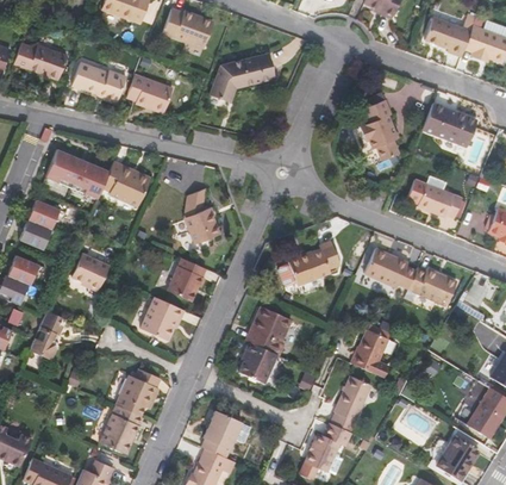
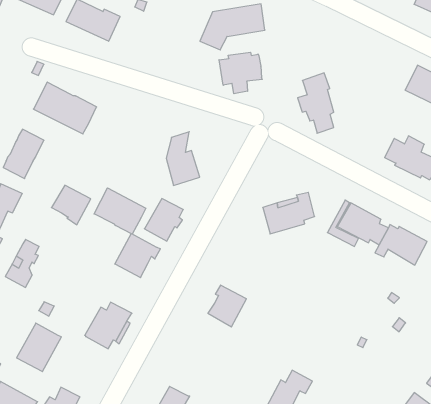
building: [126,73,173,112] -> none
building: [358,98,398,160] -> [298,73,334,133]
building: none -> [219,52,262,94]
building: [101,162,149,206] -> none
building: none -> [94,188,146,234]
building: [249,305,291,354] -> none
building: [351,328,387,377] -> none
building: [329,374,371,431] -> none
building: [99,404,143,453] -> [17,323,61,372]
building: [201,409,242,456] -> none

